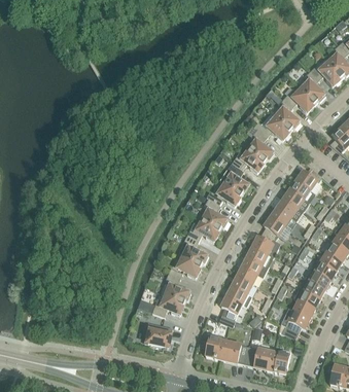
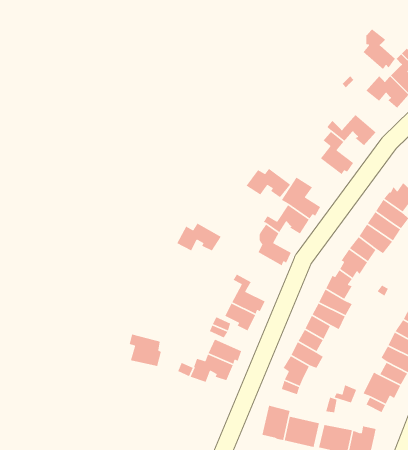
building: [275,99,300,130] -> [363,29,396,70]
building: [231,149,265,172] -> [245,168,291,198]
building: [186,219,220,241] -> [176,223,222,252]
building: [144,322,172,347] -> [126,334,163,367]

